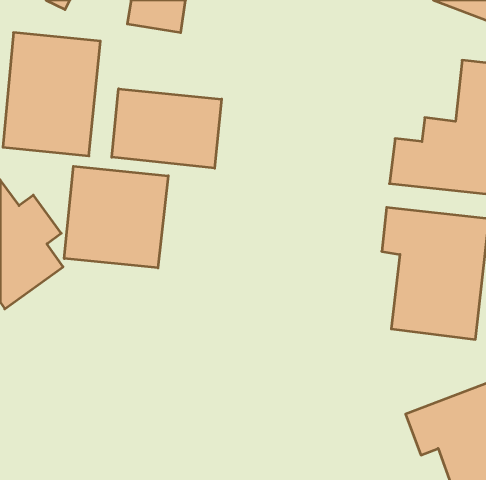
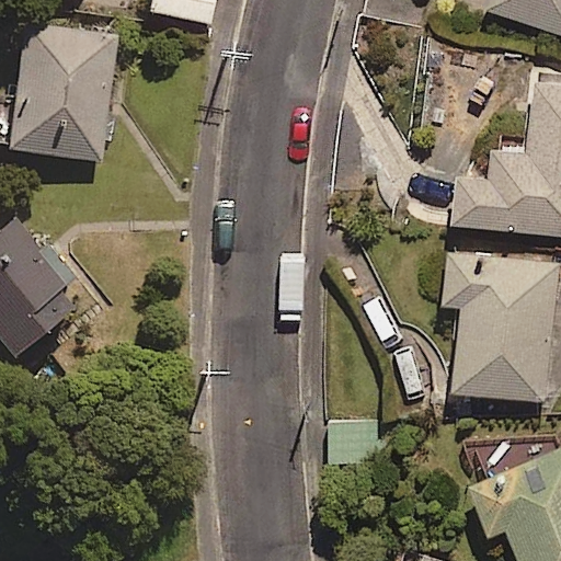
building: [112,89,222,168] -> none
building: [64,166,168,268] -> none

